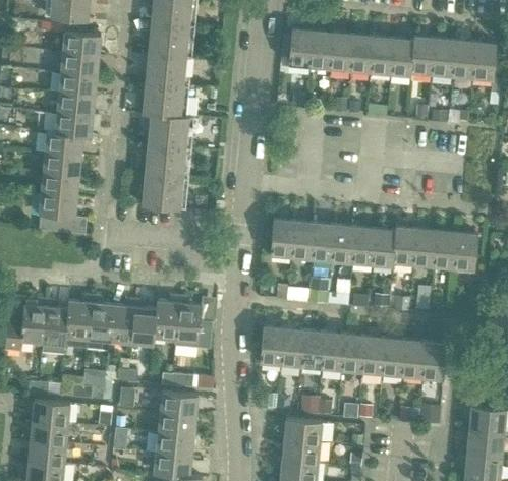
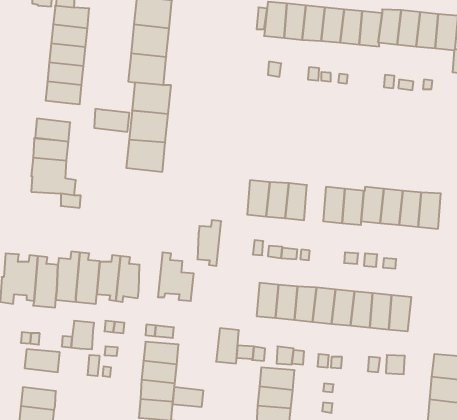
building: [45,133,82,158] -> [94,109,129,132]
building: [331,225,354,263] -> none
building: [154,296,179,345] -> [197,220,221,266]
building: [259,327,283,365] -> [216,328,239,363]
building: [30,421,67,445] -> none
building: none -> [173,387,203,407]

